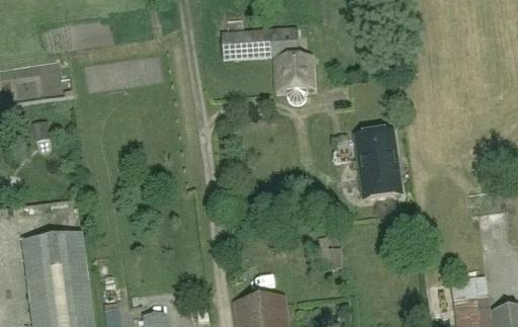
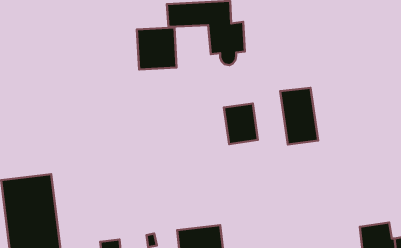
building: none -> [137,27,177,70]
building: none -> [224,103,258,144]

